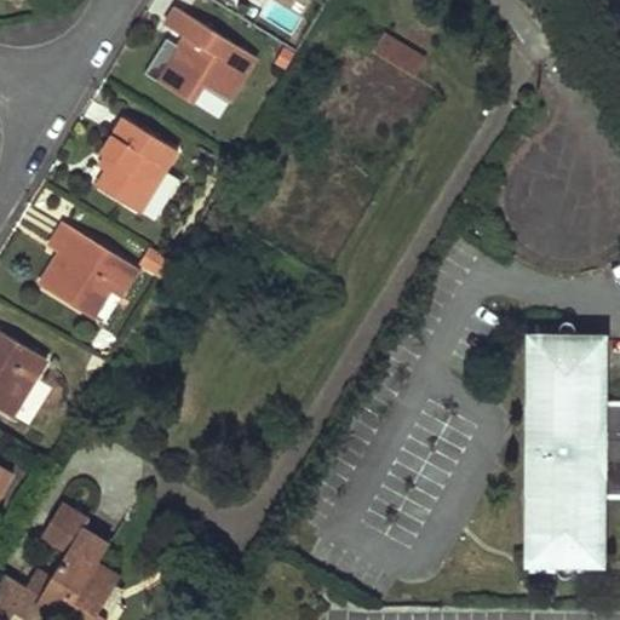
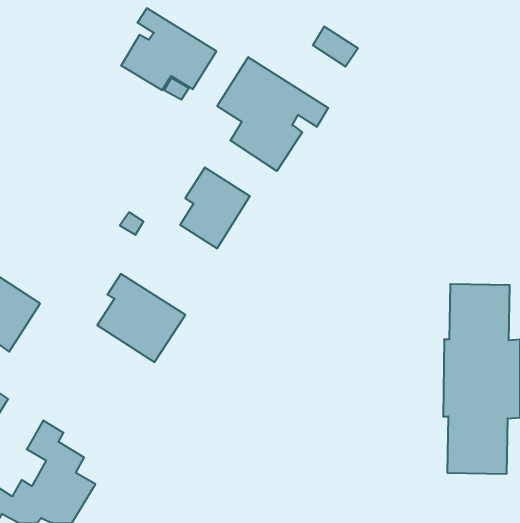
building: none -> [217,57,328,171]
building: [99,117,182,213] -> [180,167,250,248]
building: [38,223,142,327] -> [97,274,185,362]

